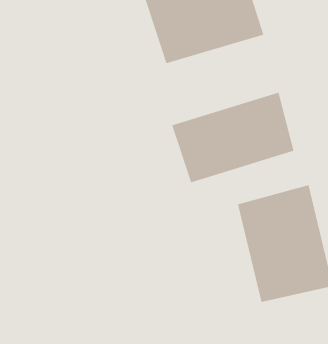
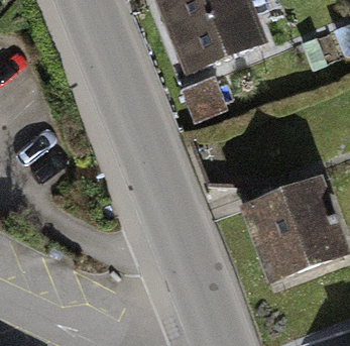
building: [172,92,294,183] -> none

